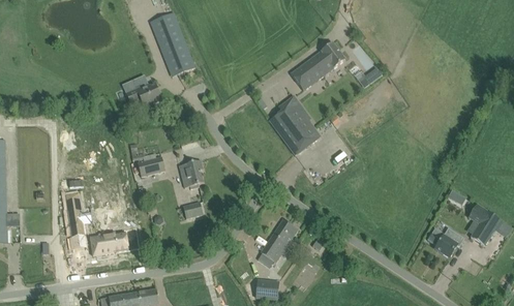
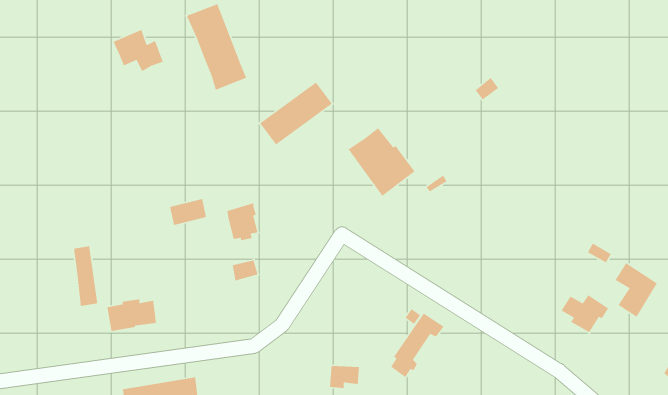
building: [290,42,344,90] -> [259,81,333,145]
building: [122,74,160,106] -> [112,29,164,72]
building: [258,218,298,267] -> [390,313,444,378]

